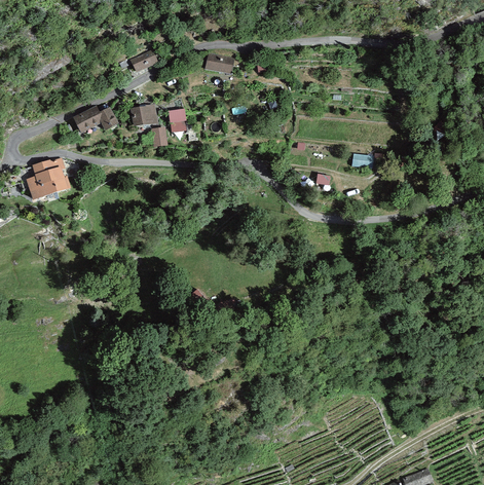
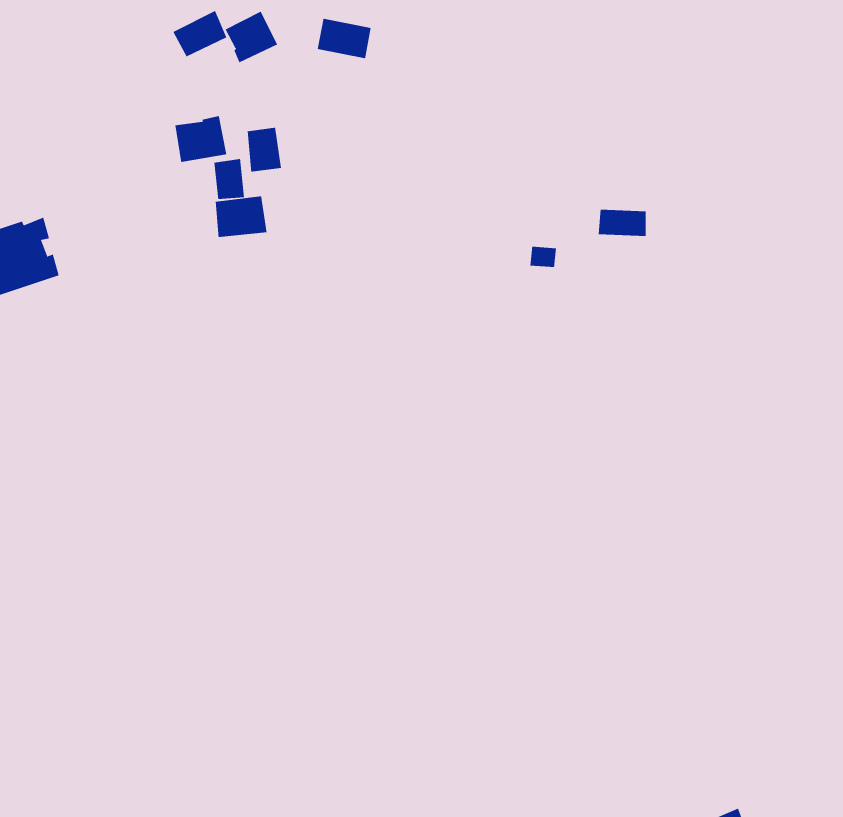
building: none -> [225,11,278,63]
building: [73,106,119,134] -> none
building: none -> [215,195,267,238]

